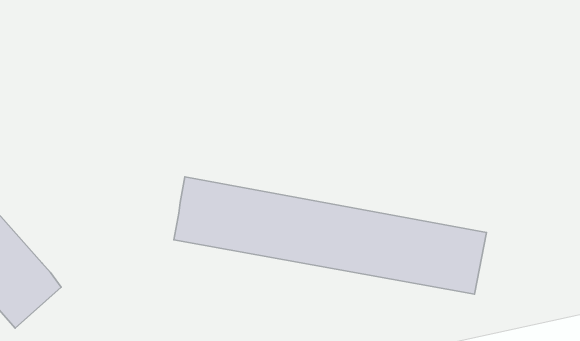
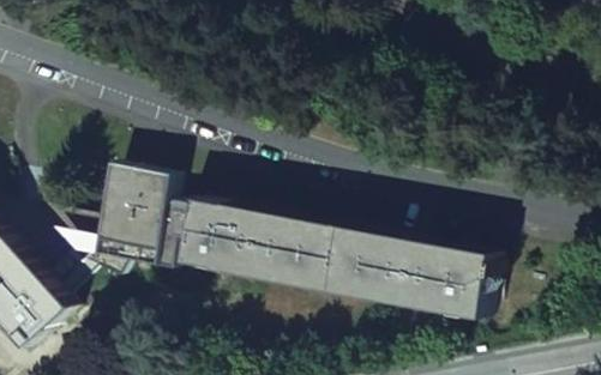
building: none -> [50,165,187,295]

